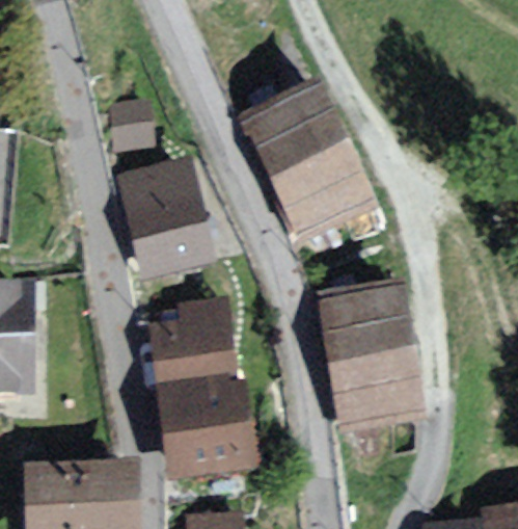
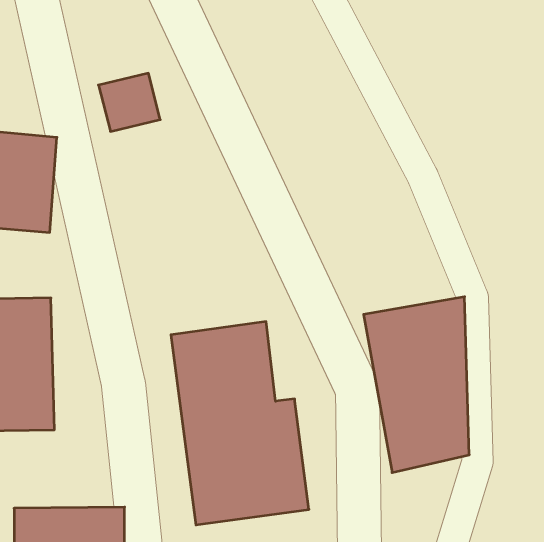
building: [243,91,375,238] -> none
building: [105,158,206,271] -> none

